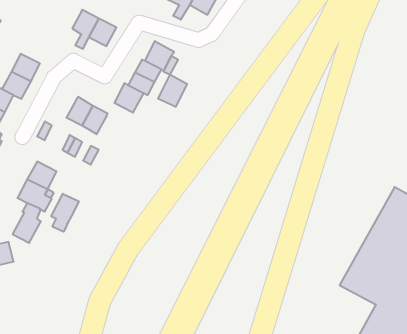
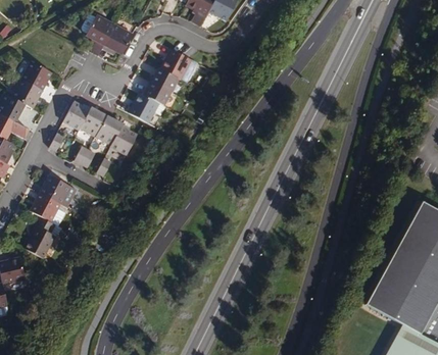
building: [158,74,187,107] -> none
building: none -> [63,101,90,130]
building: none -> [111,128,137,155]
building: [51,194,79,232] -> none

